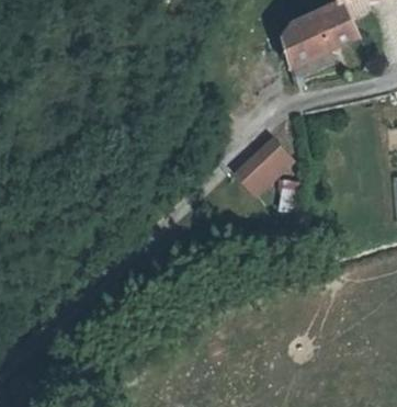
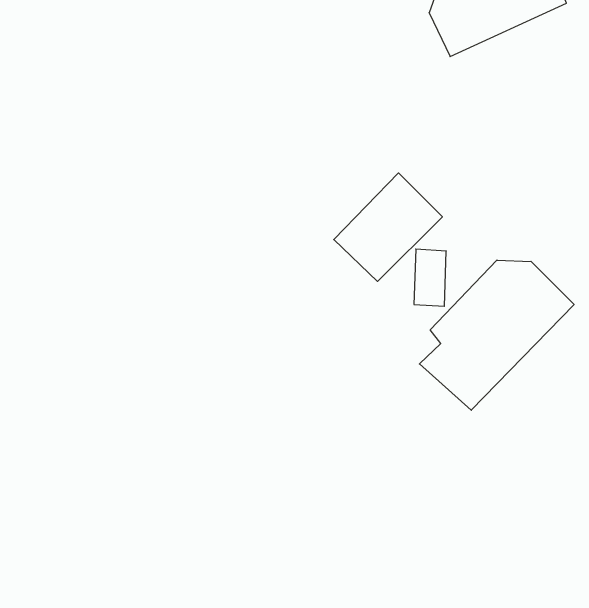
building: none -> [419,260,574,410]

